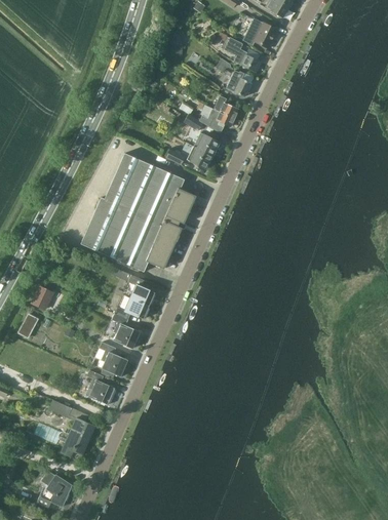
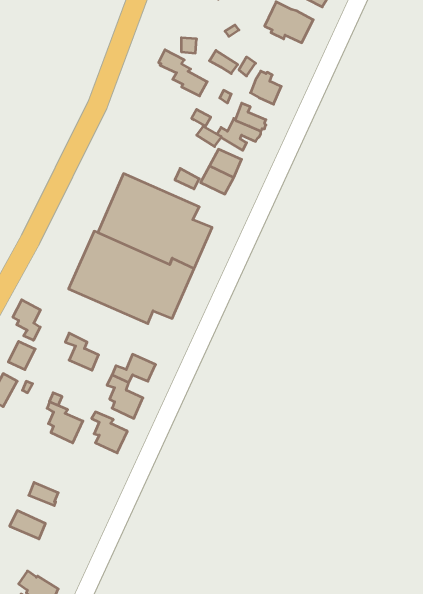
building: [222,37,261,74] -> [159,50,207,96]
building: none -> [13,300,40,340]
building: [128,276,155,306] -> [65,333,99,370]
building: [86,372,115,405] -> [47,402,83,443]
building: [61,417,95,457] -> none

